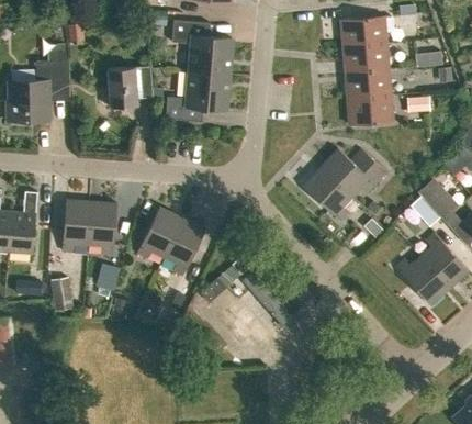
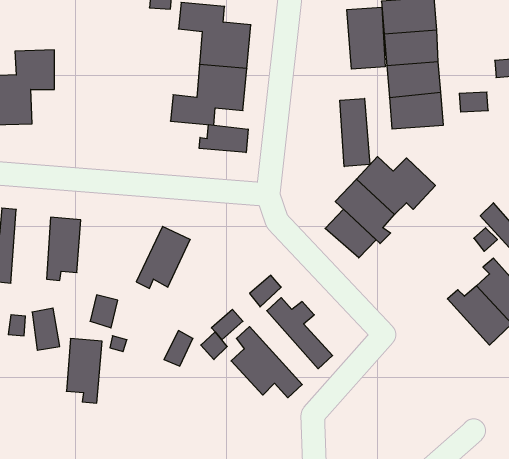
building: none -> [347,7,385,69]
building: [106,66,151,108] -> none
building: none -> [340,98,370,167]
building: none -> [199,125,248,153]
building: none -> [325,209,376,258]
building: [87,201,116,255] -> [66,339,102,403]
building: [162,217,204,276] -> none

